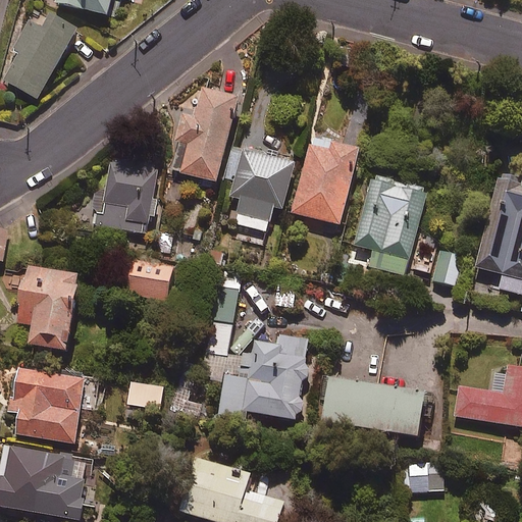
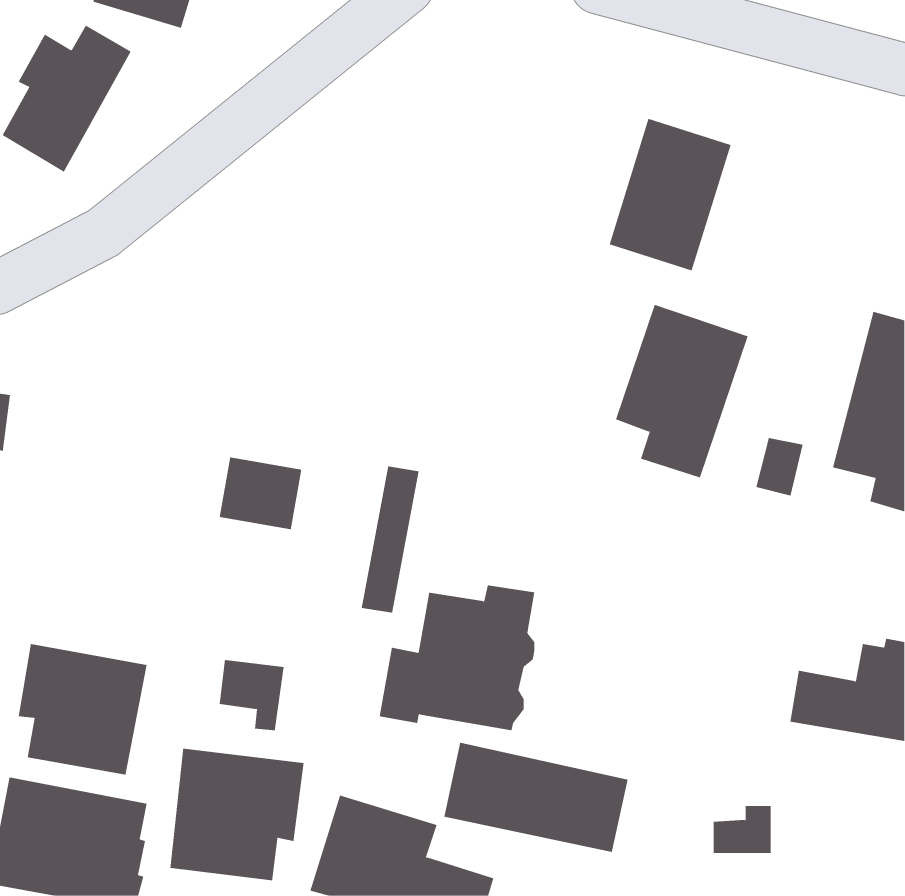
building: [173,88,239,184] -> none
building: [290,138,360,225] -> [609,118,731,271]
building: [221,145,294,230] -> none
building: [92,157,158,232] -> none
building: [16,266,77,356] -> none
building: [322,373,428,436] -> [444,742,628,852]
building: none -> [170,748,304,881]

